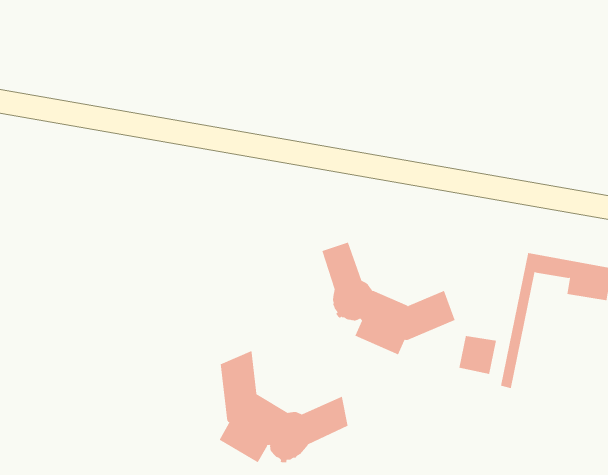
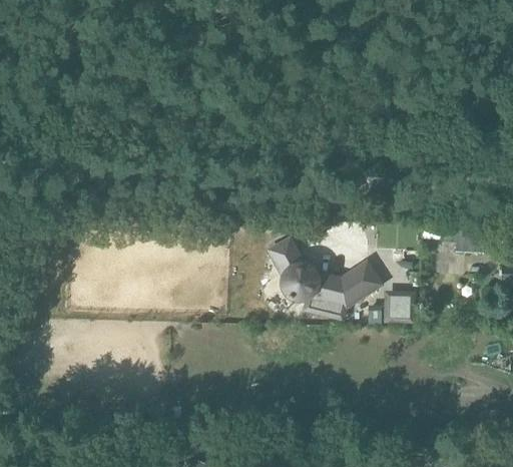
building: [219,350,348,463] -> none

